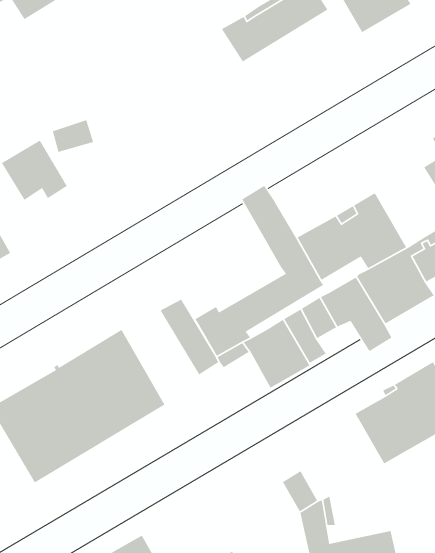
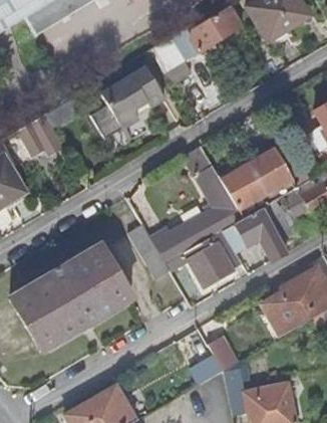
building: none -> [150,36,191,82]
building: none -> [100,66,165,129]

